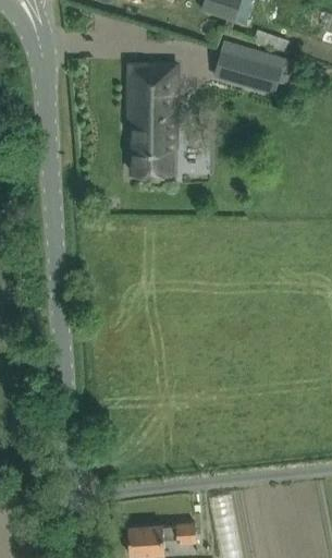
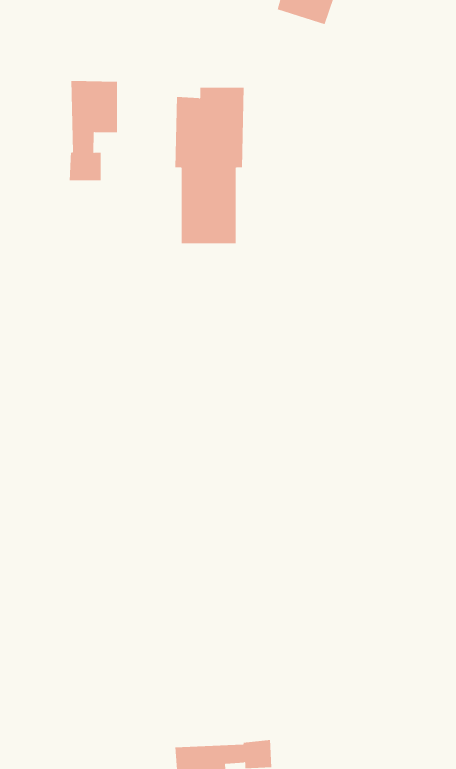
building: [213,40,294,95] -> none
building: none -> [69,80,118,181]

